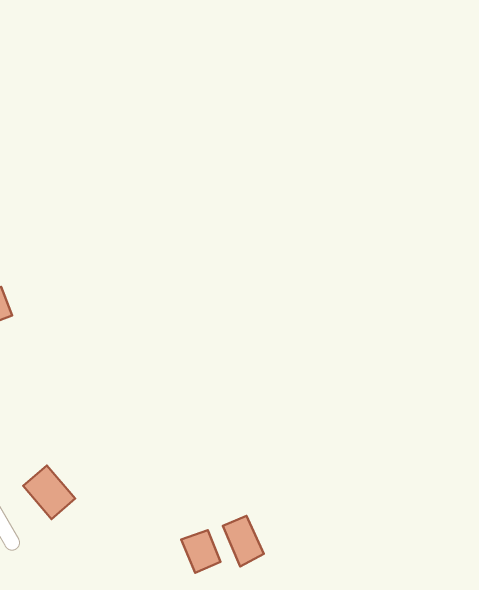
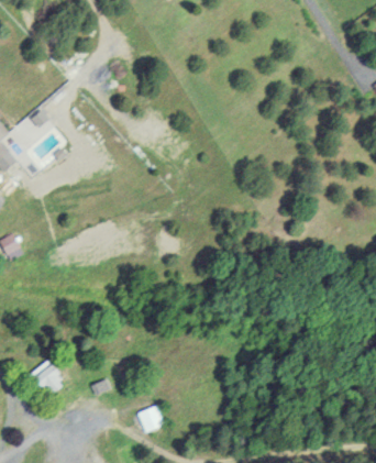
building: [223,516,264,567] -> none

